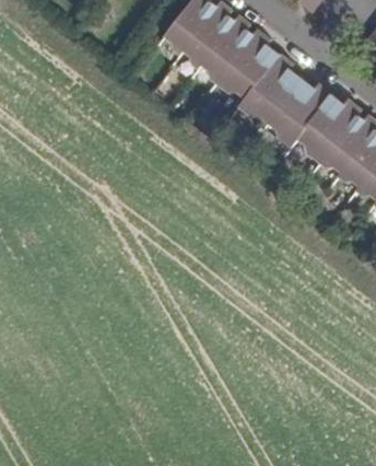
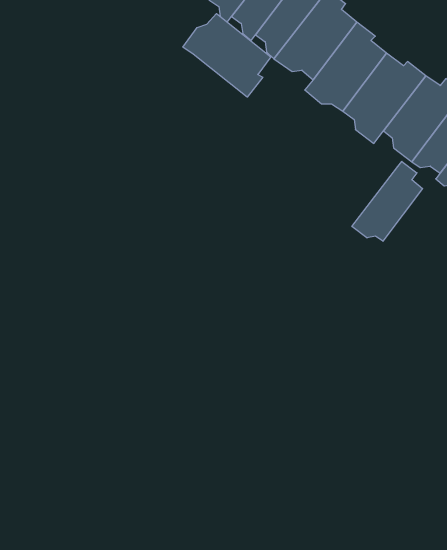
building: none -> [183,14,271,97]
building: none -> [352,161,423,241]

